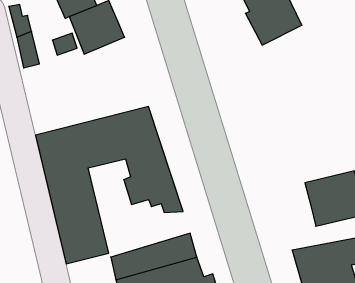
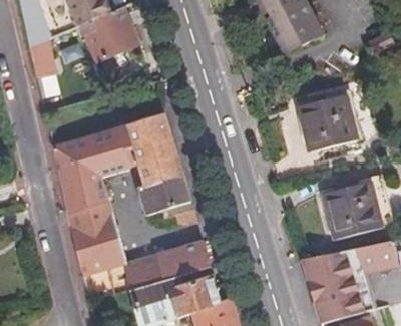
building: none -> [297,93,356,150]

